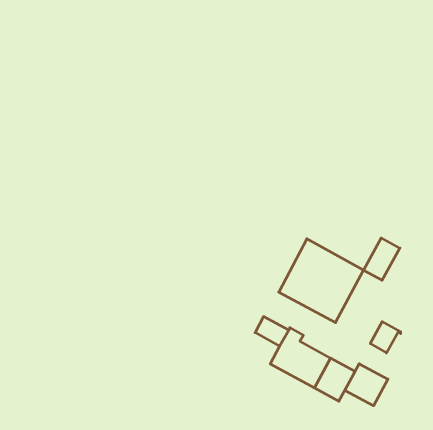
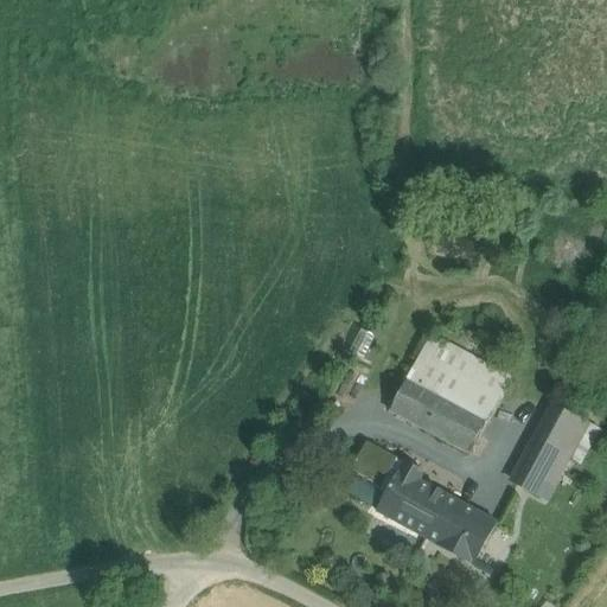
building: [364,238,400,280] -> [535,405,586,465]
building: [345,364,388,406] -> none

